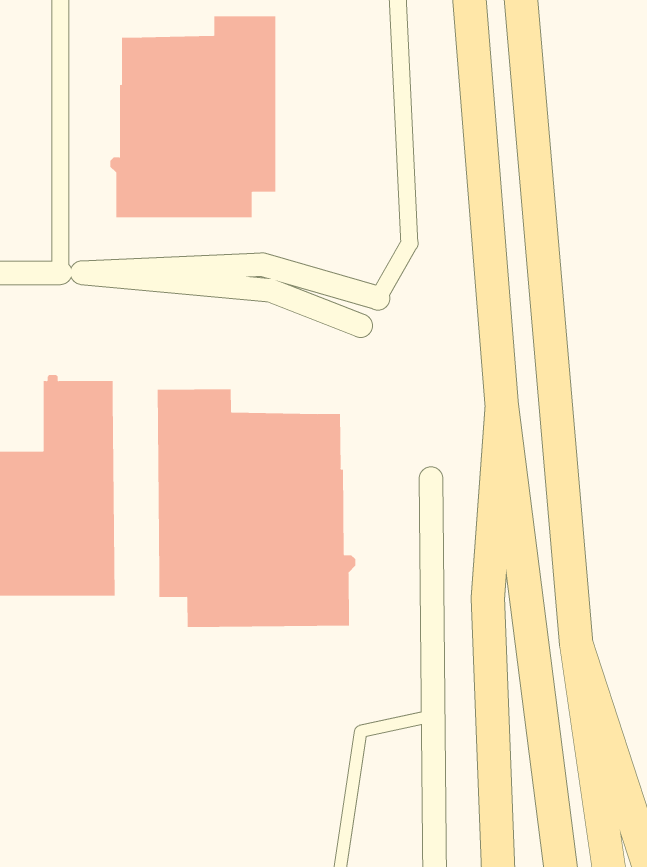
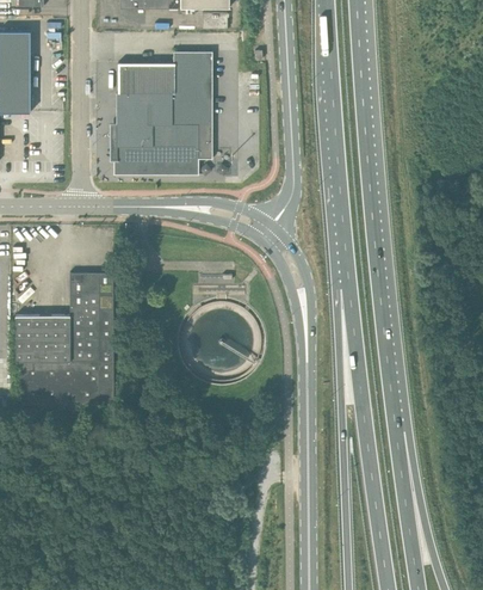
building: [157,389,356,628] -> none

